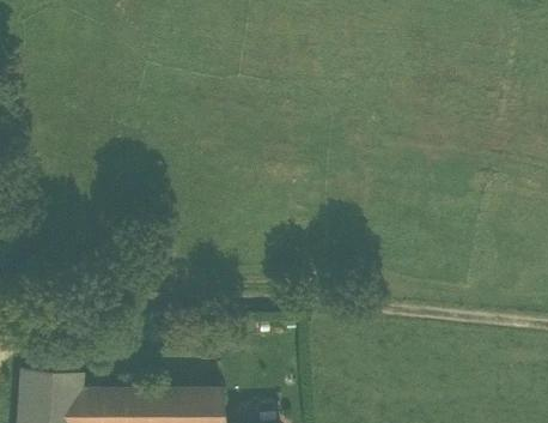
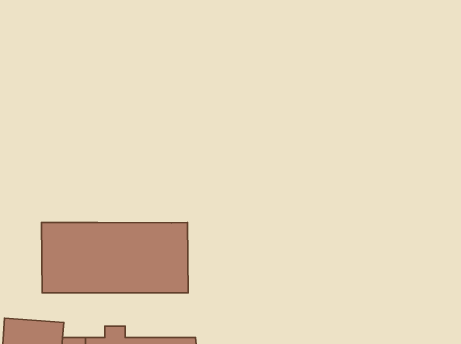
building: none -> [41,223,188,293]

